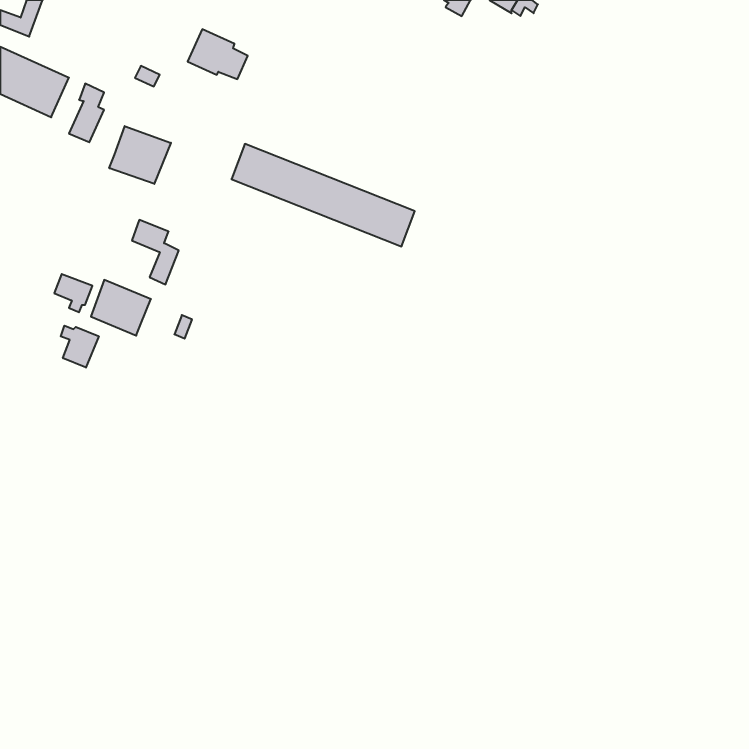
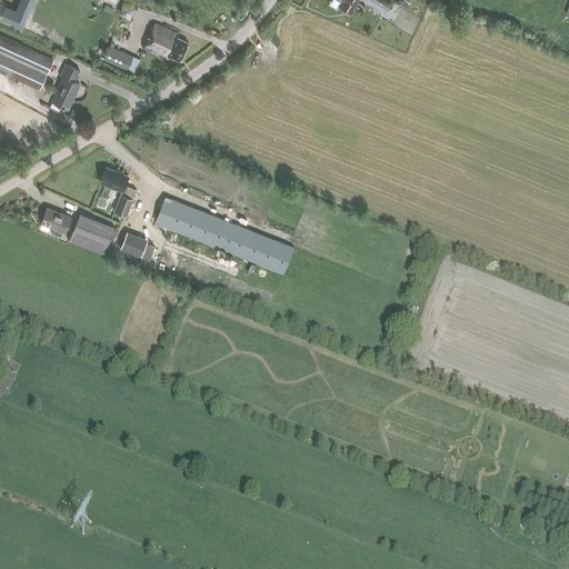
building: [109,126,171,184] -> none
building: [231,144,415,246] -> [154,196,293,273]
building: [61,326,99,368] -> none

